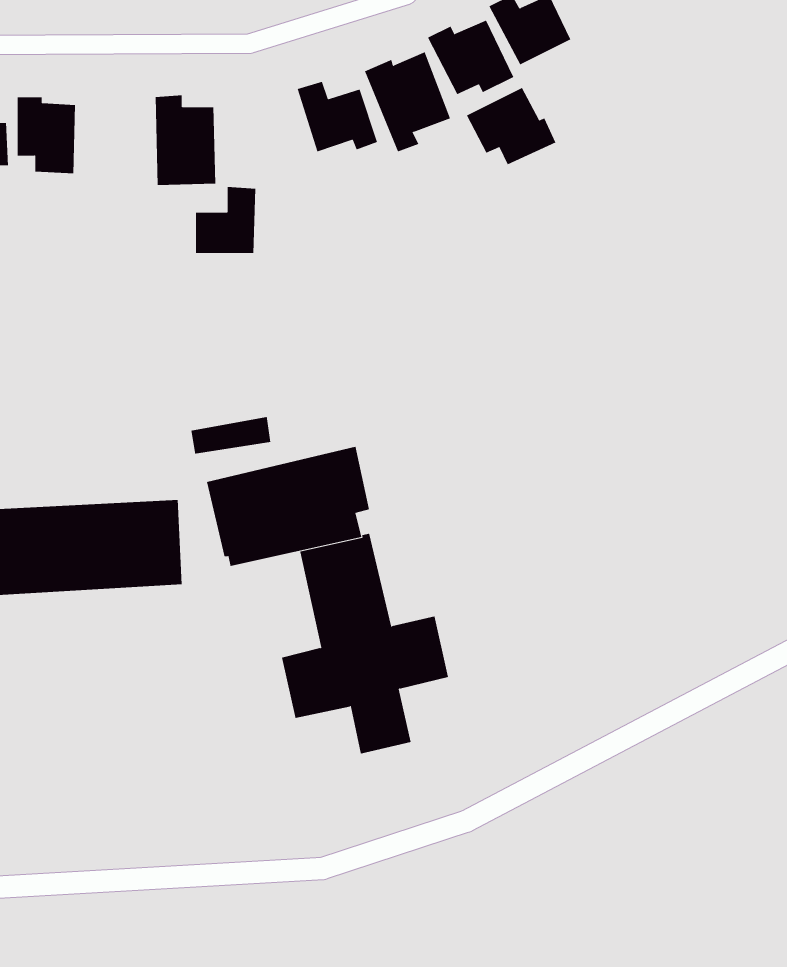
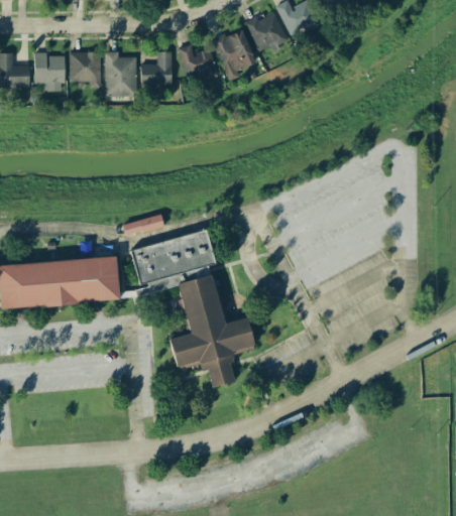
building: [466,87,556,165] -> none
building: none -> [70,51,101,88]
building: [195,186,256,254] -> [141,51,173,86]

